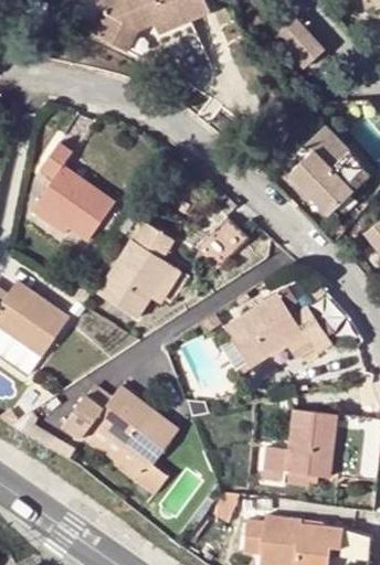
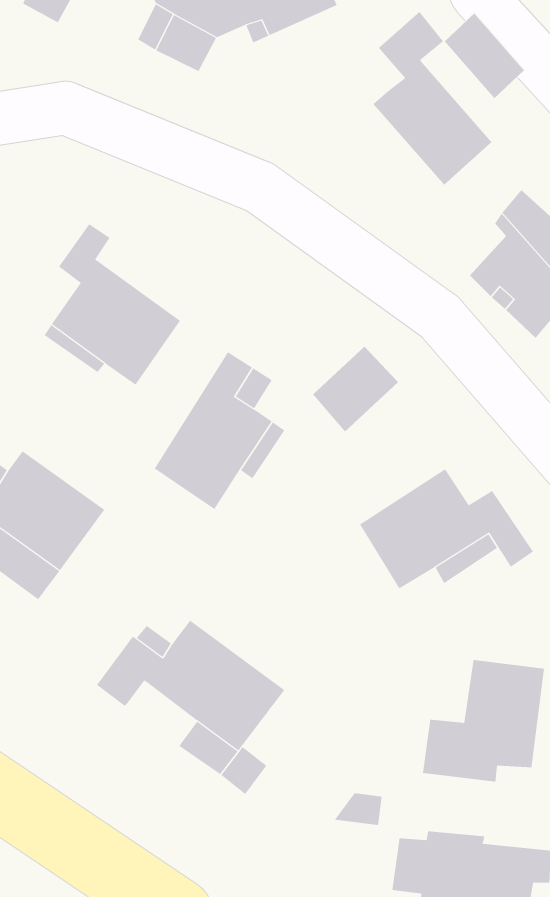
building: none -> [373,11,492,186]

